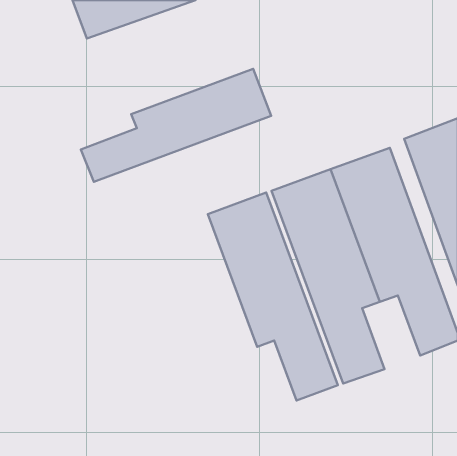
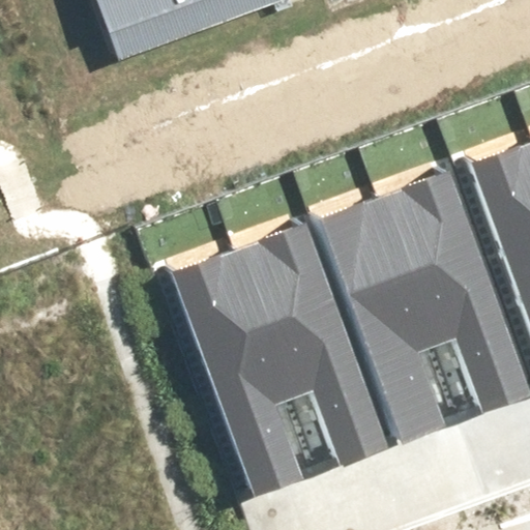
building: [81,69,271,182] -> none
building: none -> [173,249,303,497]

